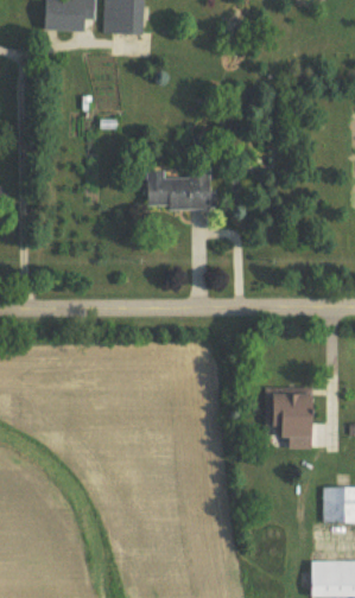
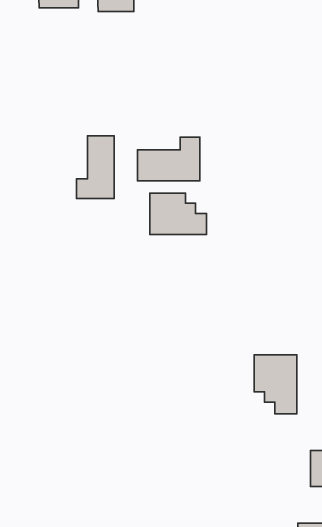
building: none -> [77,136,114,198]
building: none -> [150,193,207,235]

